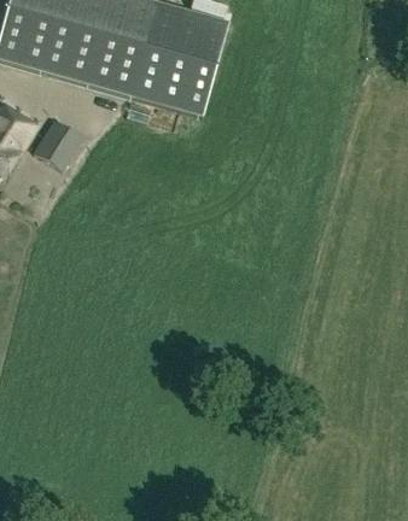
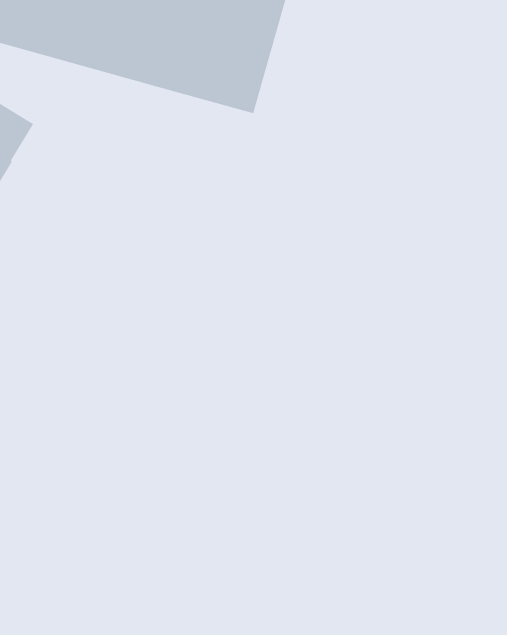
building: [34,119,83,170] -> none

